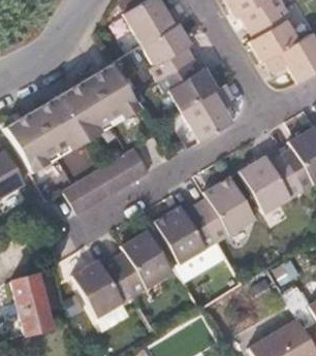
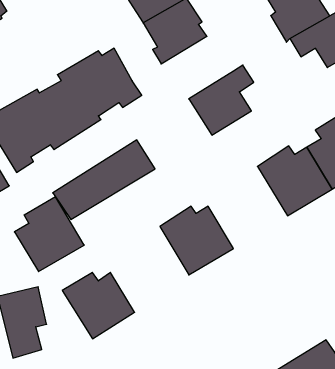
building: [156,58,218,111] -> none
building: [196,174,255,239] -> none
building: [113,230,172,294] -> [14,197,84,272]

